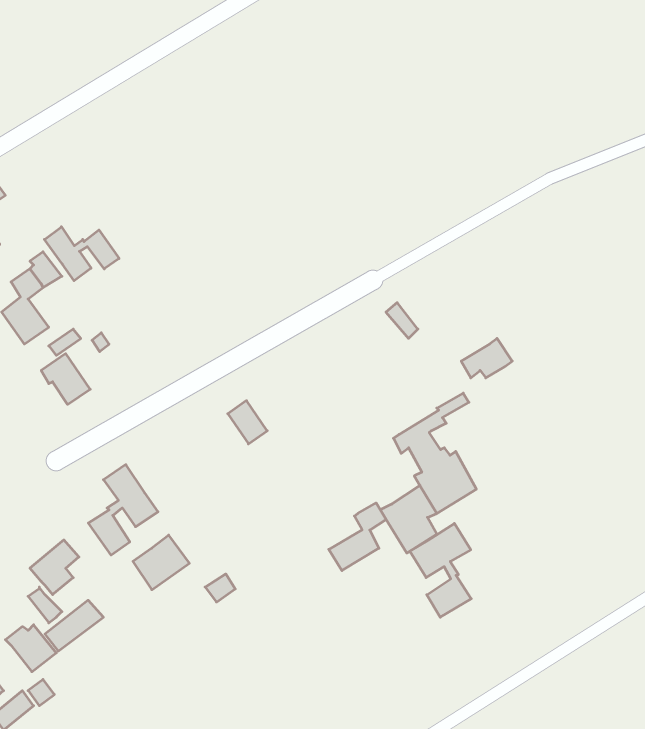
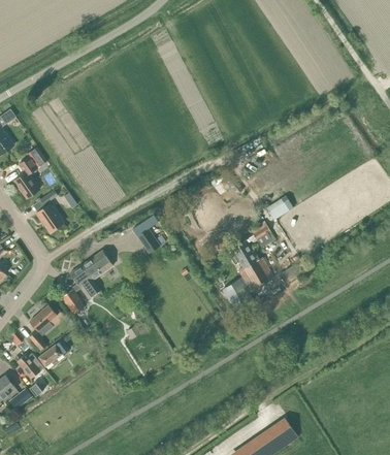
building: [44,227,119,281] -> none
building: [329,503,386,571] -> none
building: [410,523,471,617] -> none
building: [133,535,189,590] -> [82,250,112,280]

